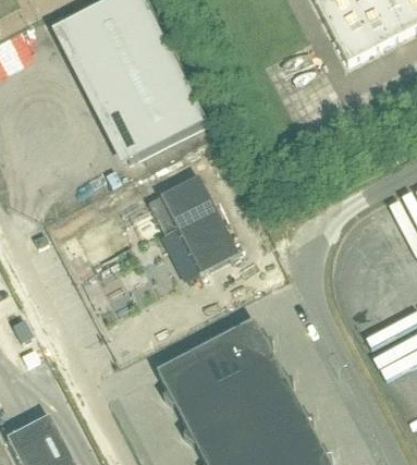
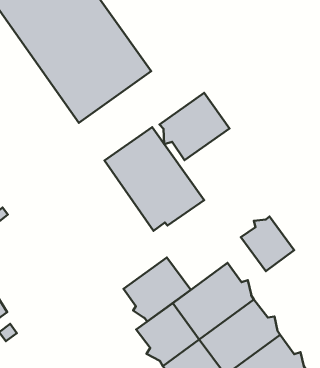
building: none -> [159,93,229,160]
building: none -> [241,216,294,271]
building: none -> [123,257,191,321]

